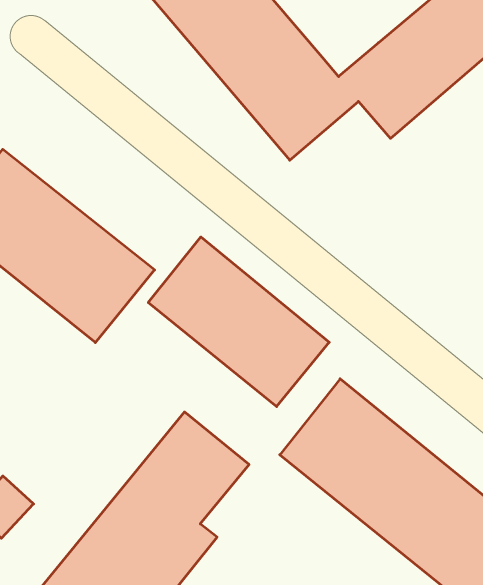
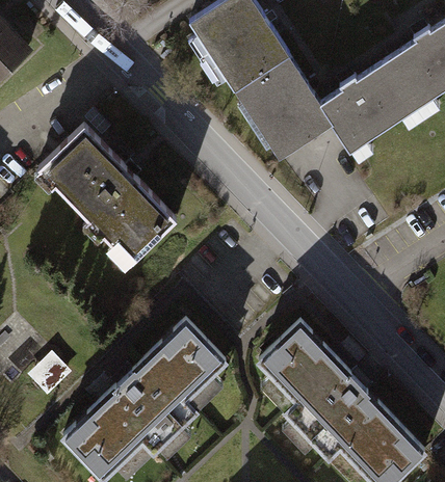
building: [148,237,329,407] -> none

